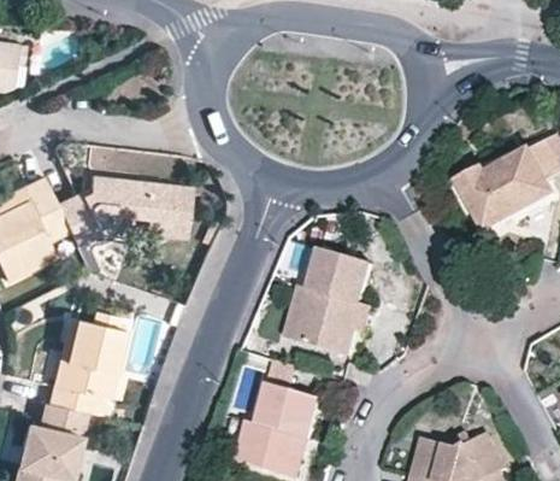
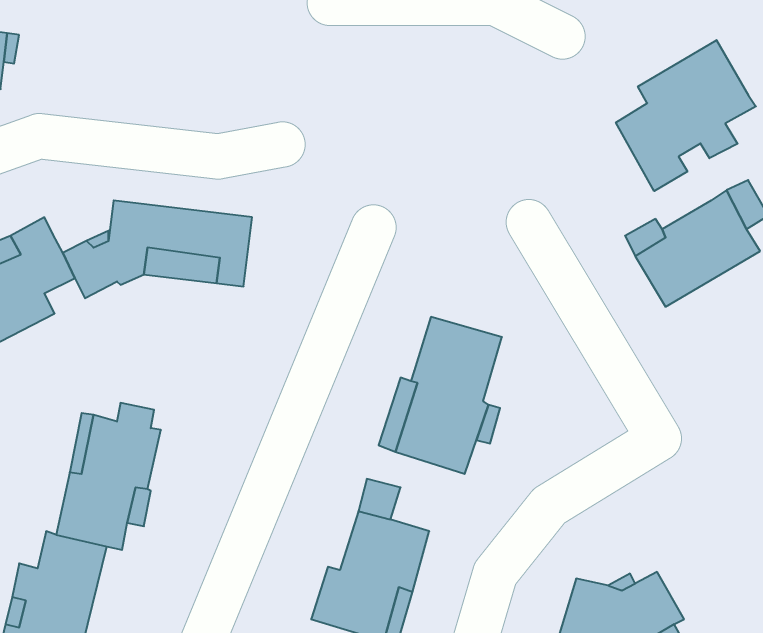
building: none -> [616,40,756,191]

